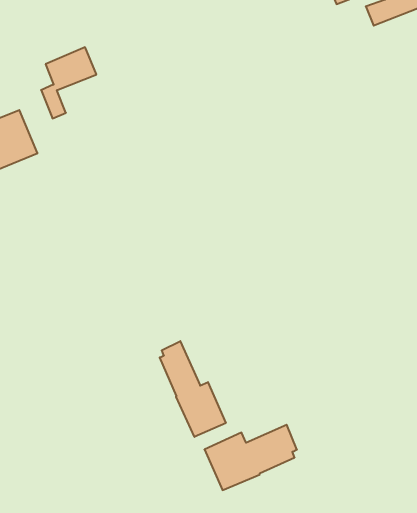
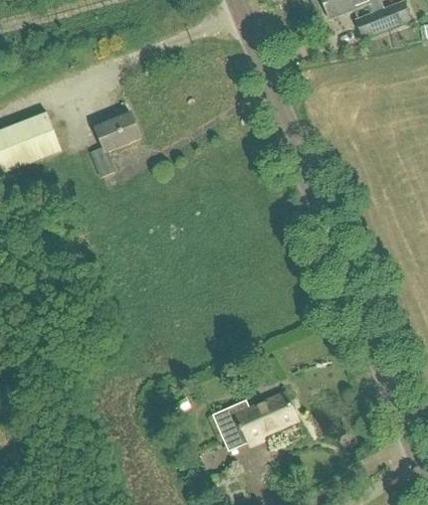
building: [41,47,96,118] -> [90,113,140,176]
building: [160,341,226,437] -> none

